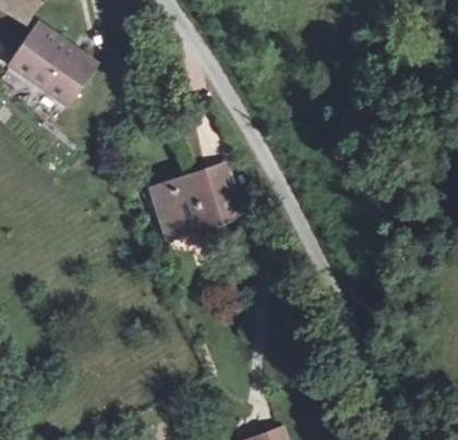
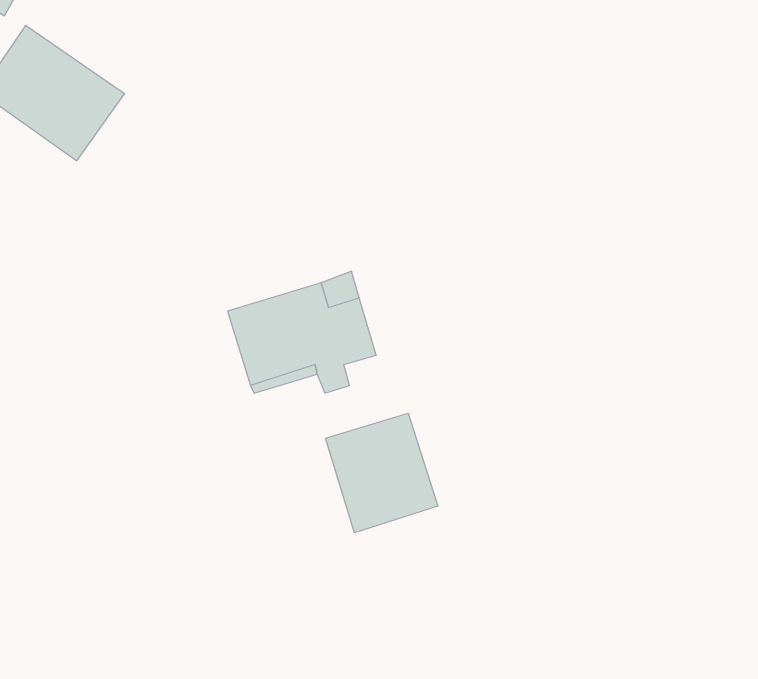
building: none -> [326,413,438,533]

